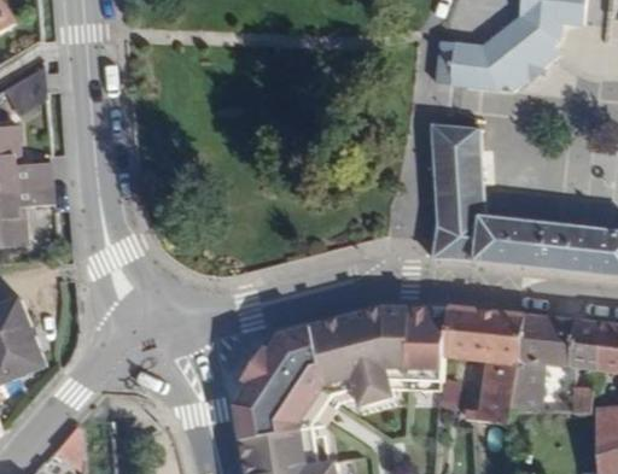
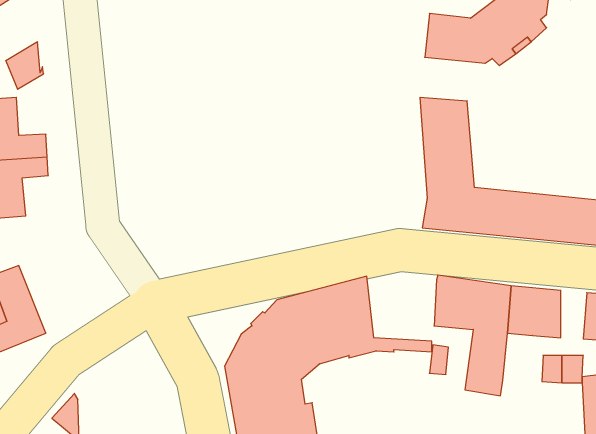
building: [375,306,447,373] -> none
building: [573,321,600,370] -> none
building: [514,364,544,414] -> none

